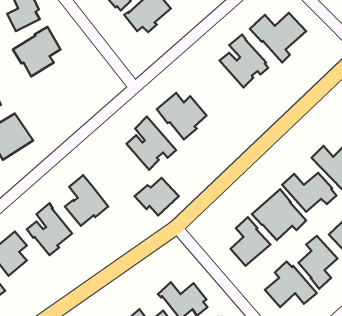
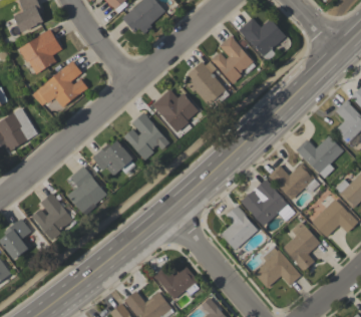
building: none -> [32,60,88,107]
building: none -> [187,61,230,109]
building: [134,178,179,216] -> [92,140,133,176]

